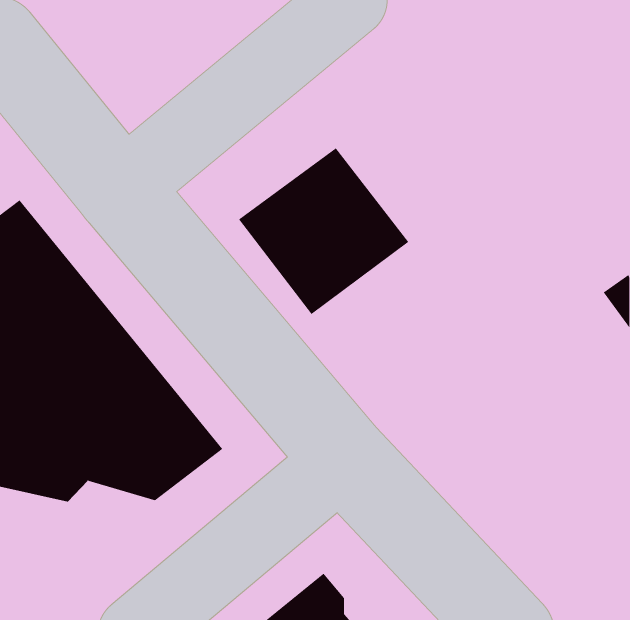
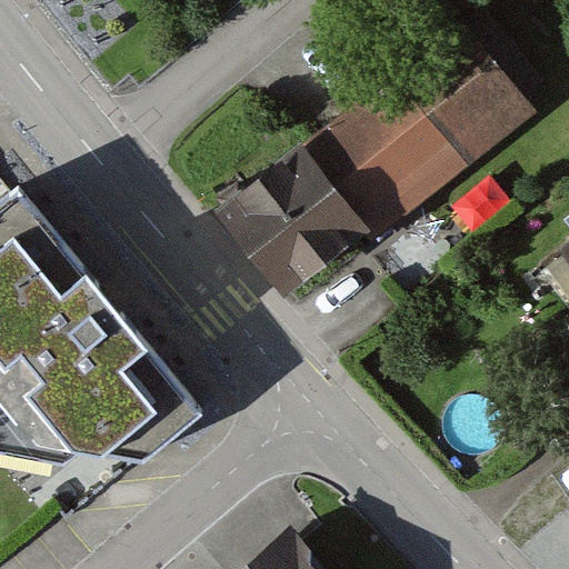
building: none -> [301,22,536,242]

